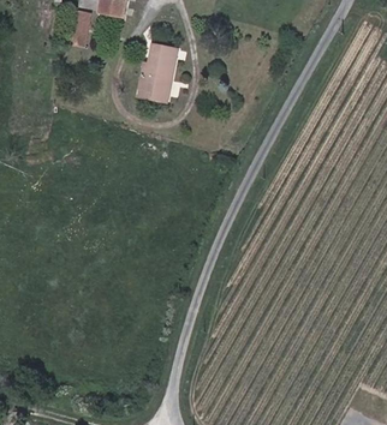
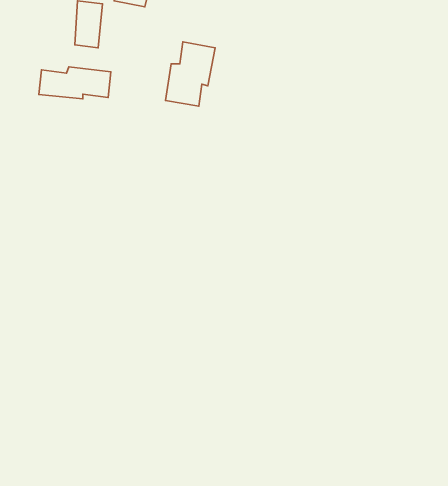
building: none -> [39,67,111,99]

